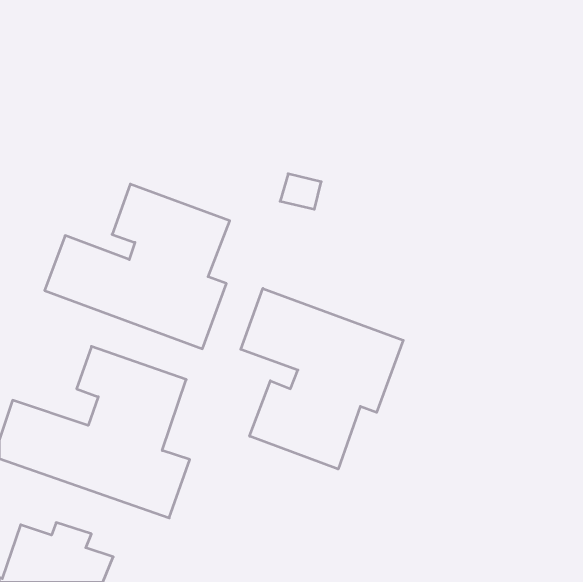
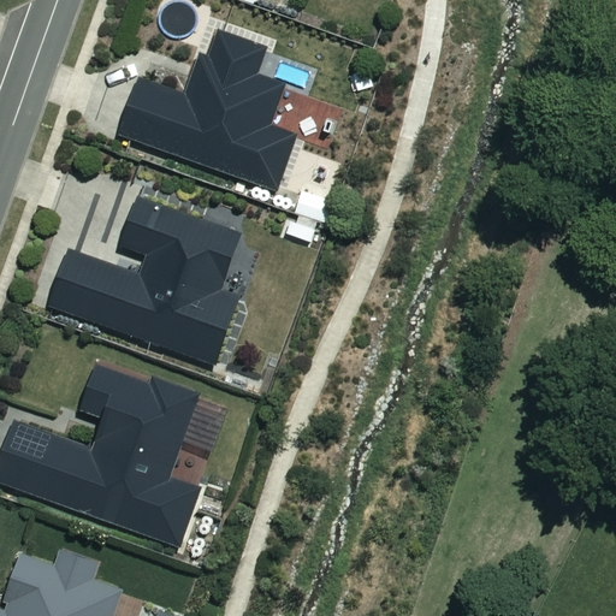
building: none -> [120,25,296,189]
building: [241,288,403,469] -> none

